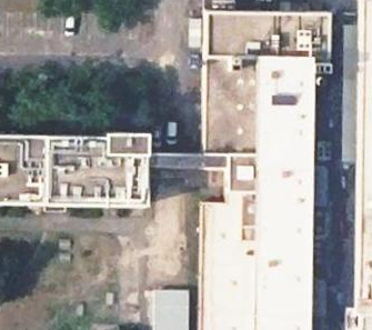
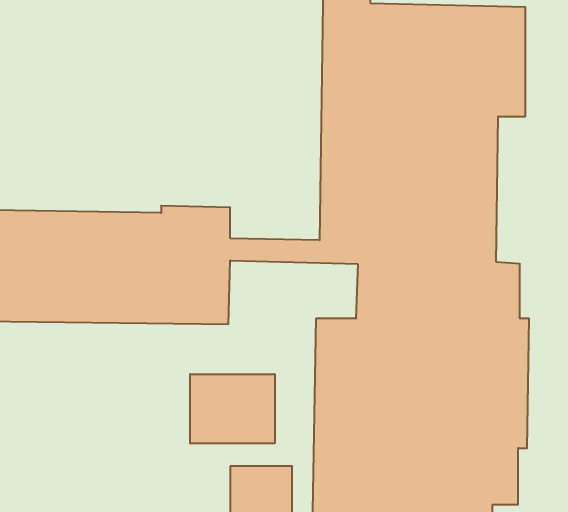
building: none -> [190,374,275,443]

